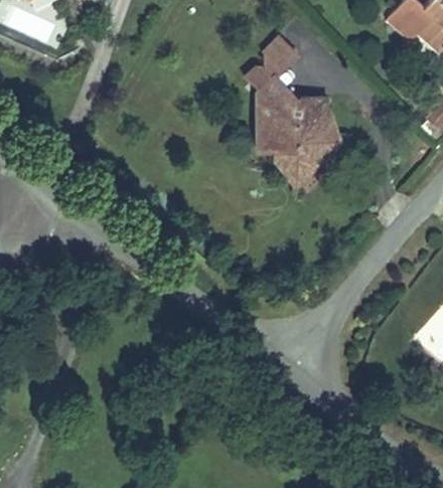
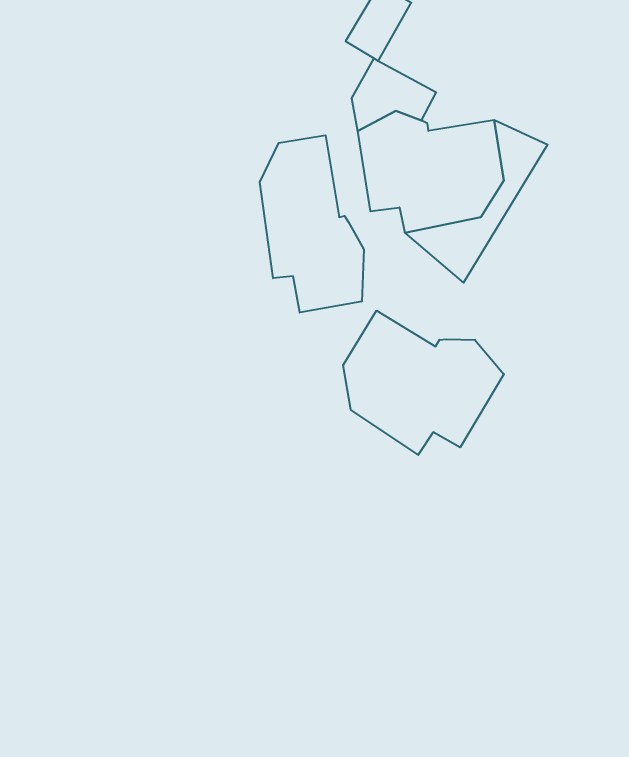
building: none -> [260,135,364,313]
building: none -> [343,311,504,455]

